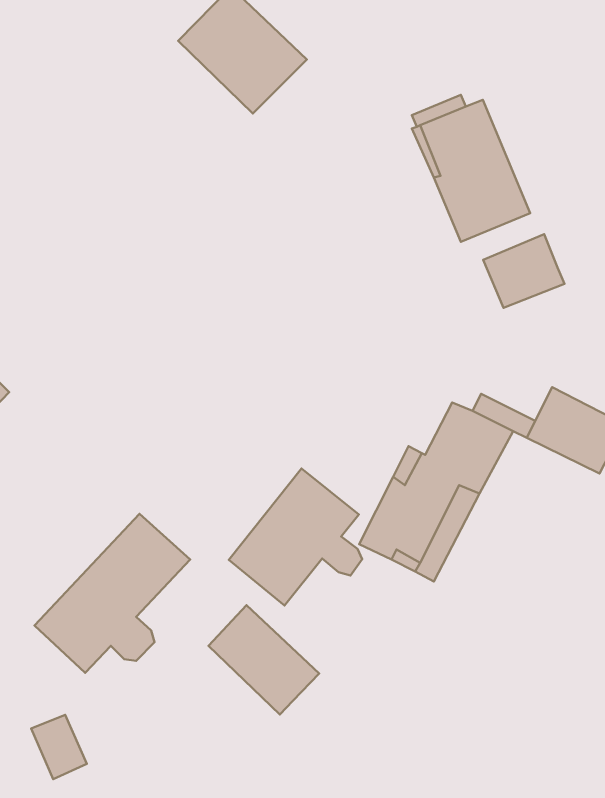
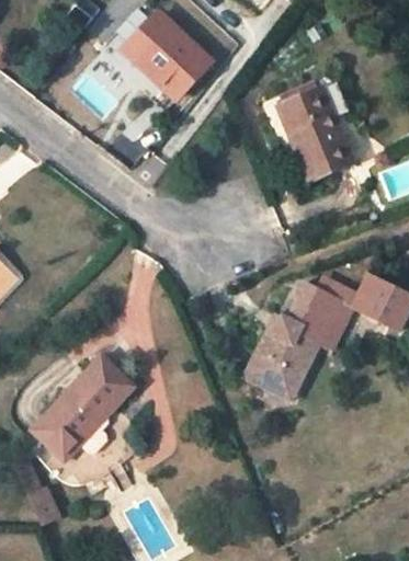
building: [483,234,564,308] -> none
building: [229,469,362,606] -> none
building: [209,605,319,715] -> none

